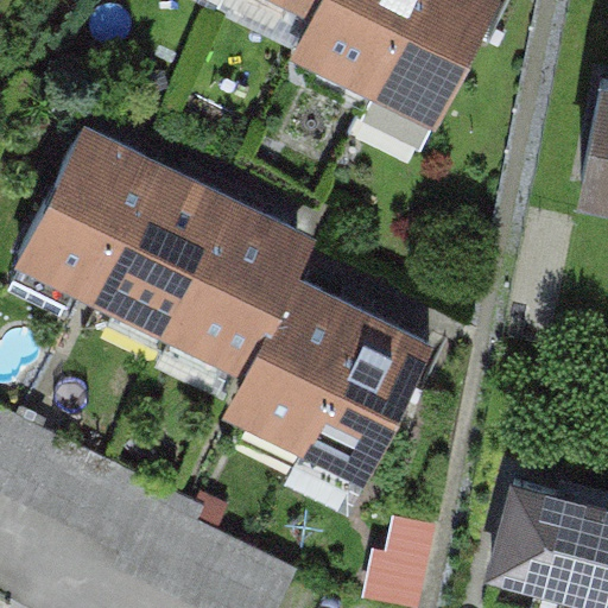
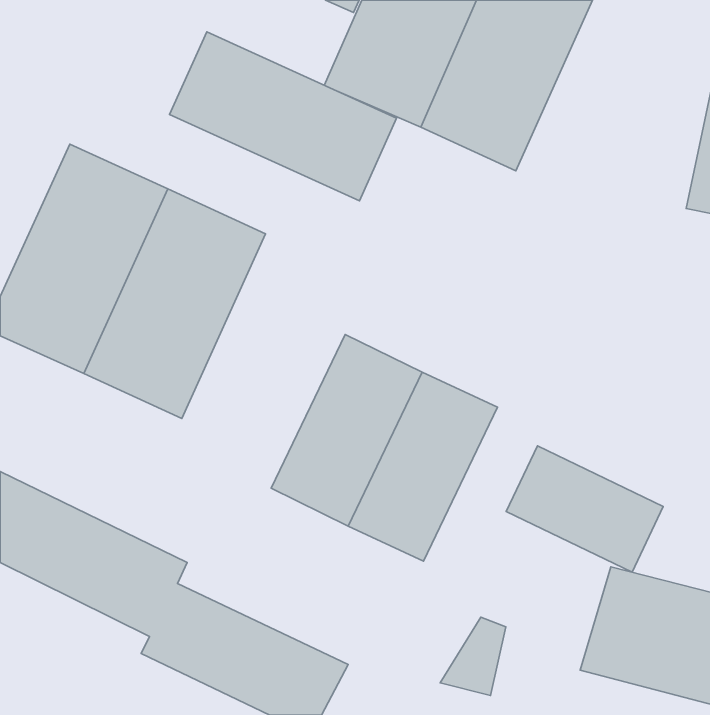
building: none -> [170,32,397,201]
building: [158,198,314,393] -> none
building: none -> [506,446,663,572]

